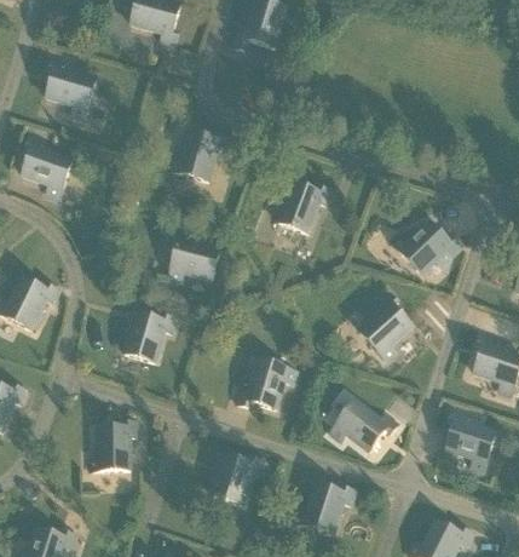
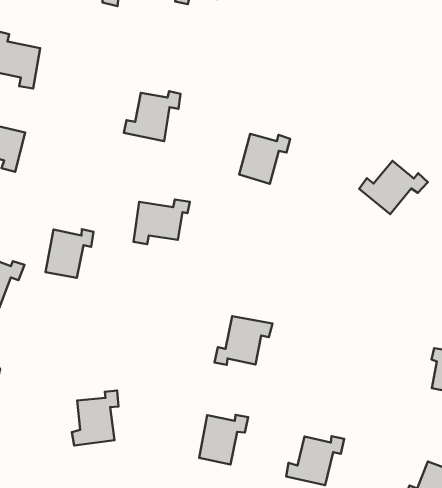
building: [357,291,414,363] -> none
building: [123,311,174,361] -> [45,229,93,278]
building: [329,400,397,450] -> none

